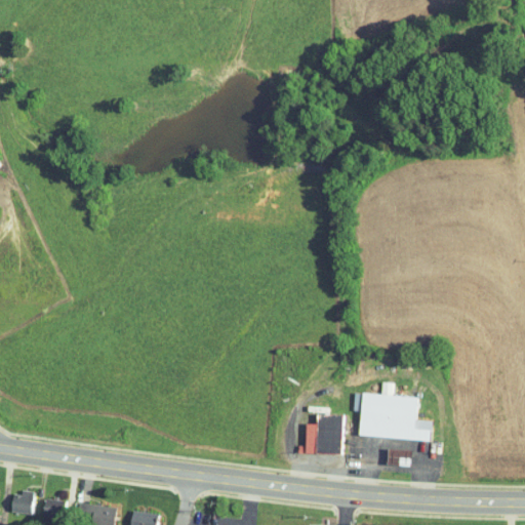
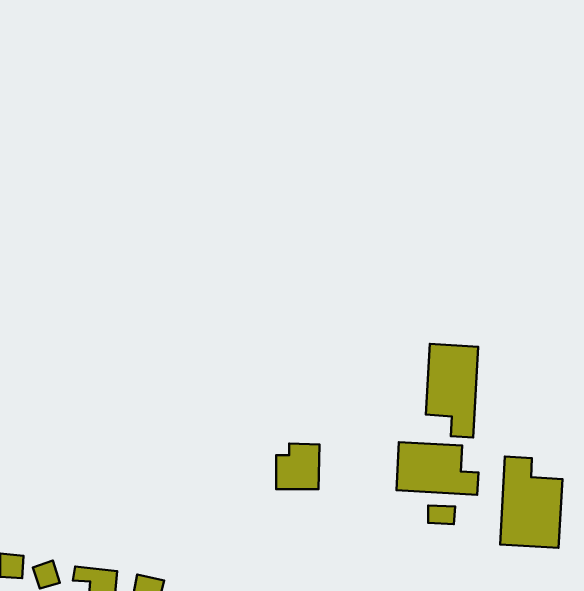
building: none -> [426,344,478,437]
building: none -> [500,457,562,548]
building: [305,413,342,453] -> [276,443,320,489]

